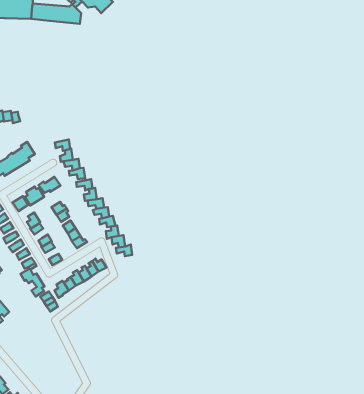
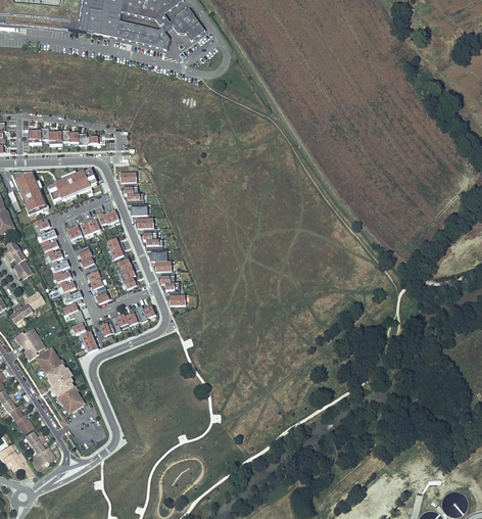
building: none -> [37,347,82,412]

